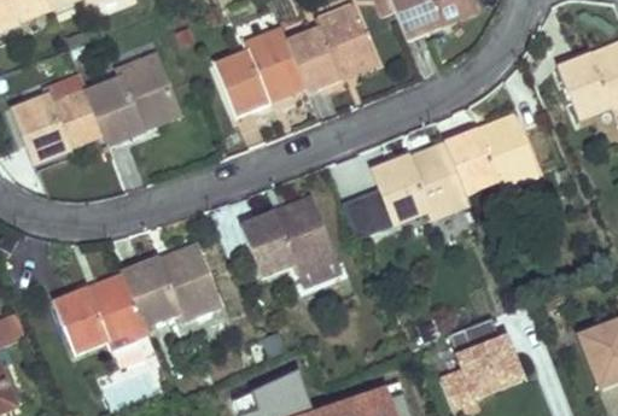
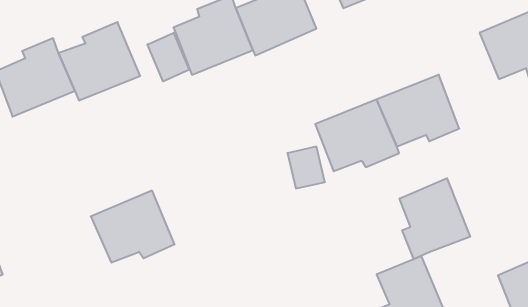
building: none -> [147,33,189,81]
building: [243,195,334,276] -> none
building: none -> [400,178,470,259]
building: [56,273,148,353] -> none

